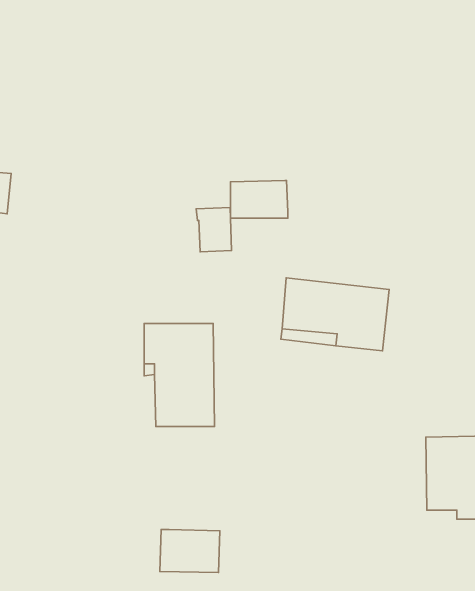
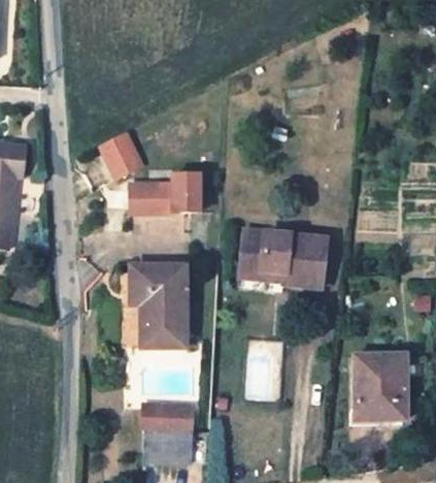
building: none -> [100,132,140,176]
building: [230,180,288,218] -> [130,184,175,214]
building: none -> [150,407,192,429]

